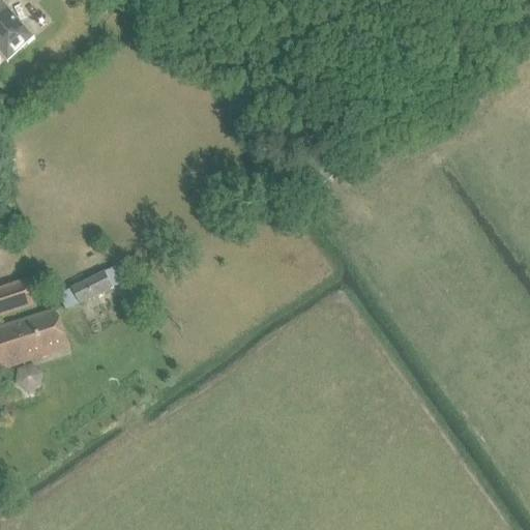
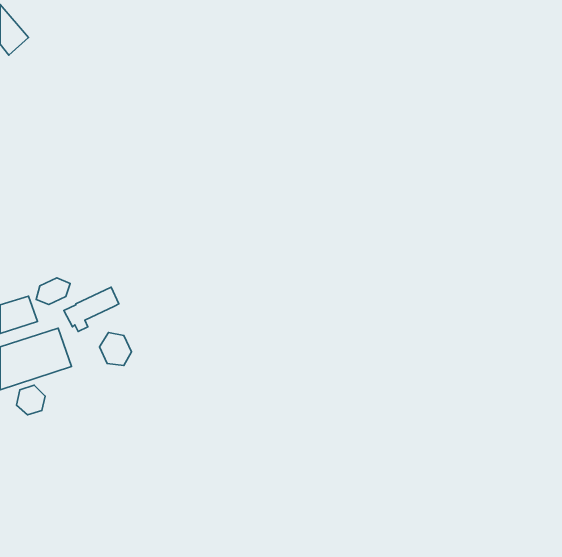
building: none -> [36,278,70,305]
building: none -> [100,333,132,365]

